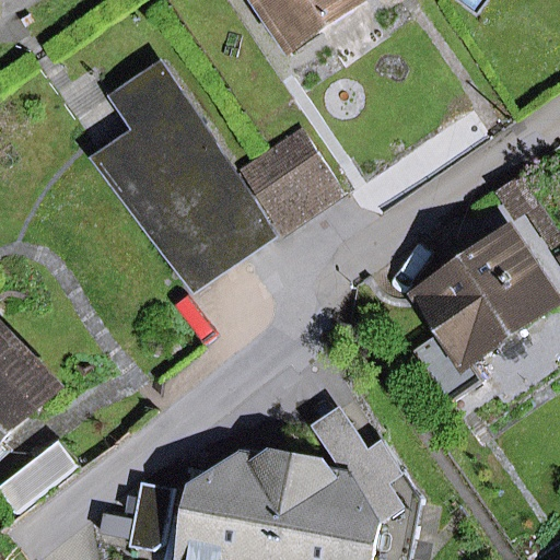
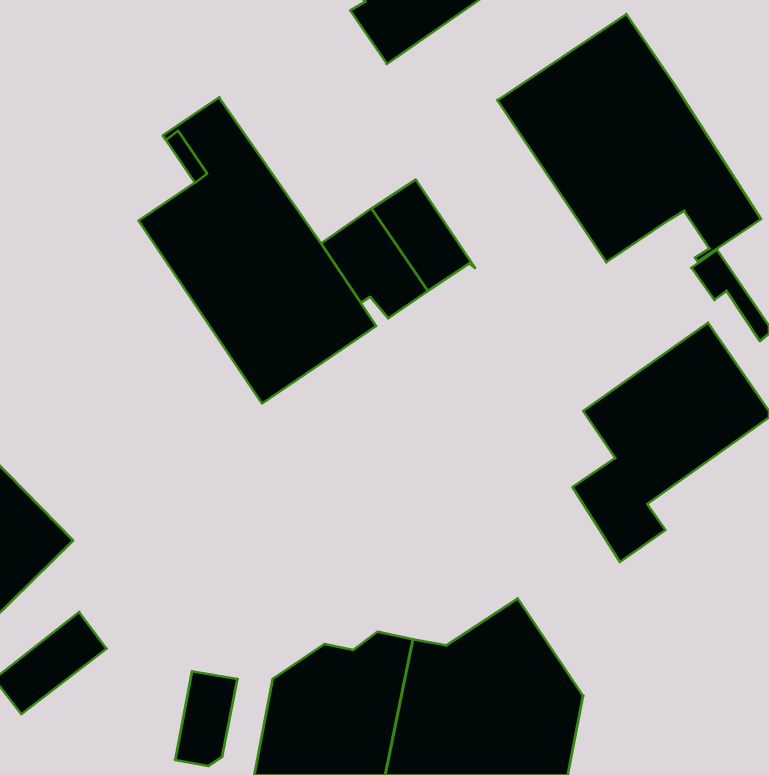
building: none -> [497,14,761,262]

